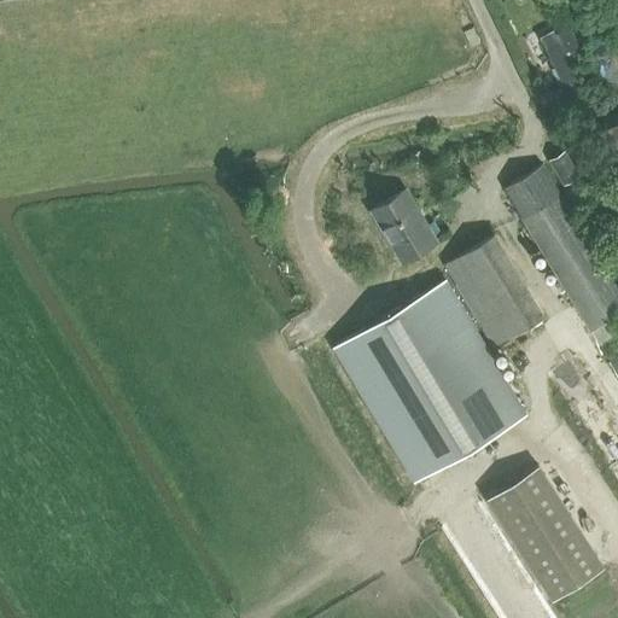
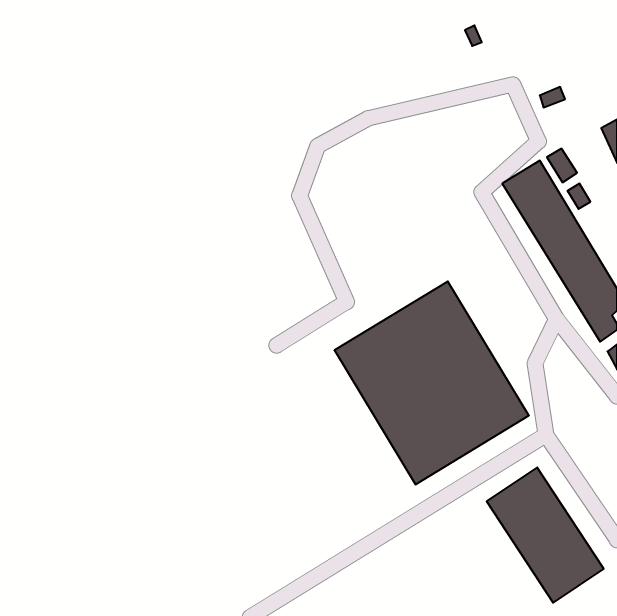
building: [541,29,582,98] -> none
building: [371,190,437,261] -> none
building: [448,234,544,344] -> none

